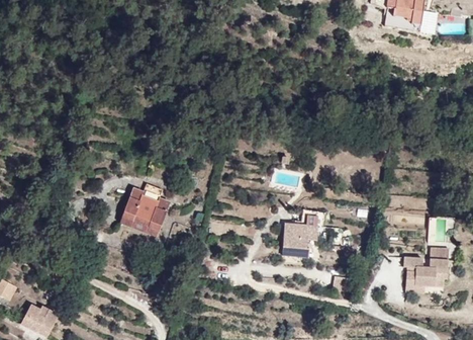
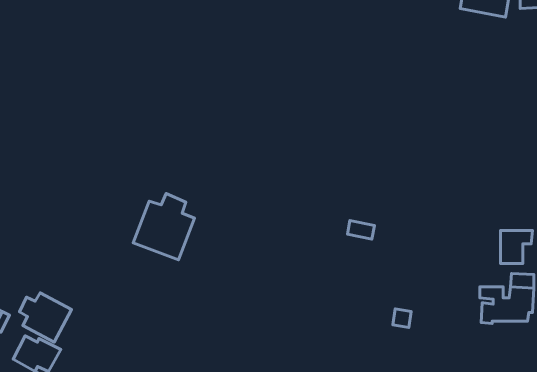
building: [283,225,319,259] -> none
building: none -> [20,293,71,342]

